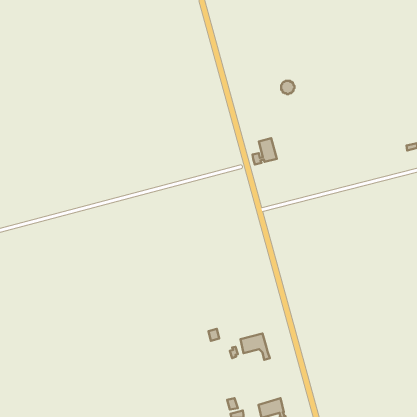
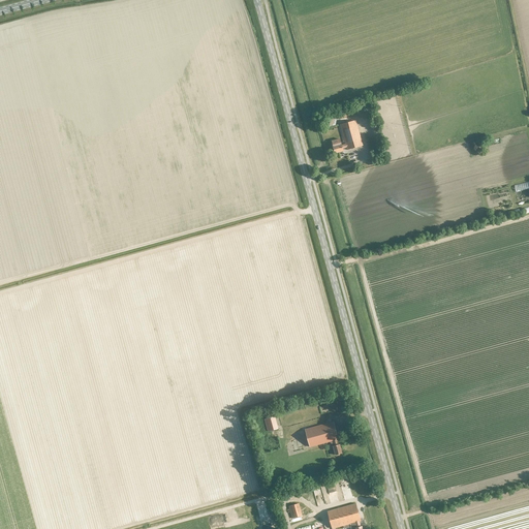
building: [252,138,277,164] -> [331,121,362,154]

